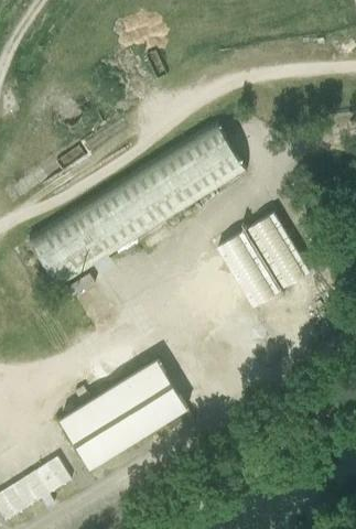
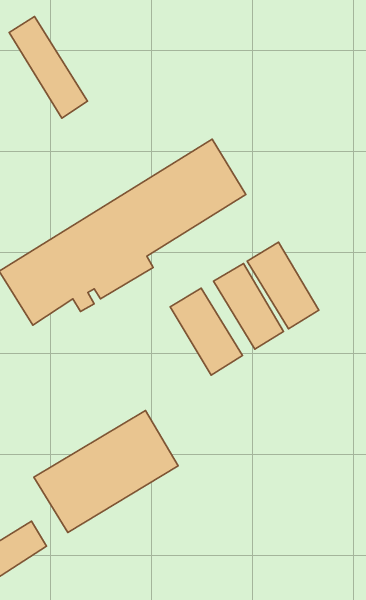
building: none -> [9,17,88,118]
building: none -> [170,288,243,375]

